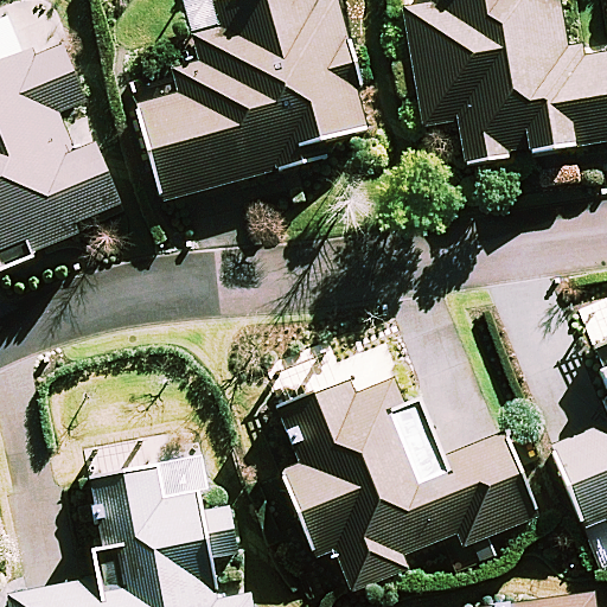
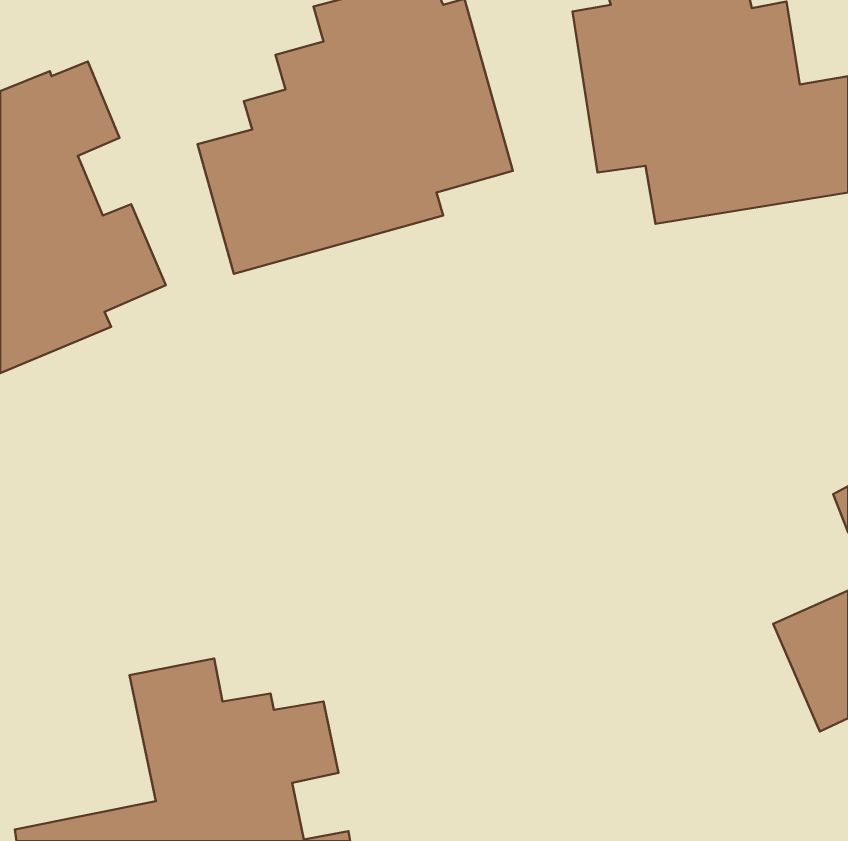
building: [288,381,531,590] -> none

